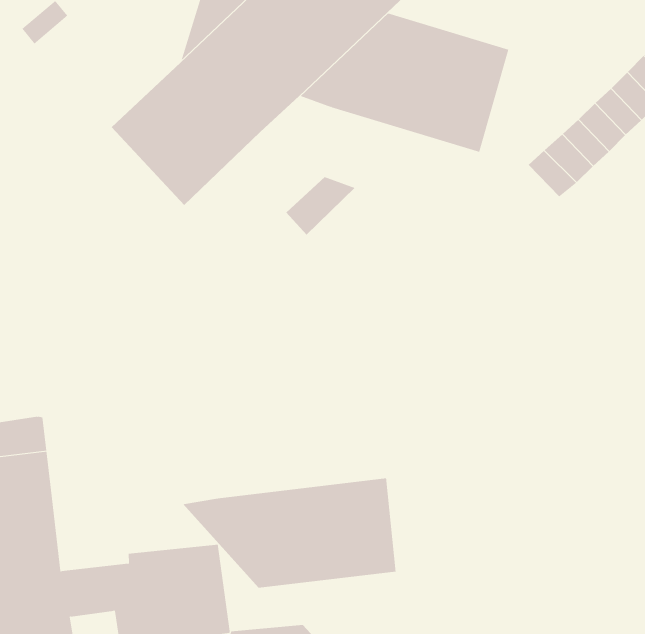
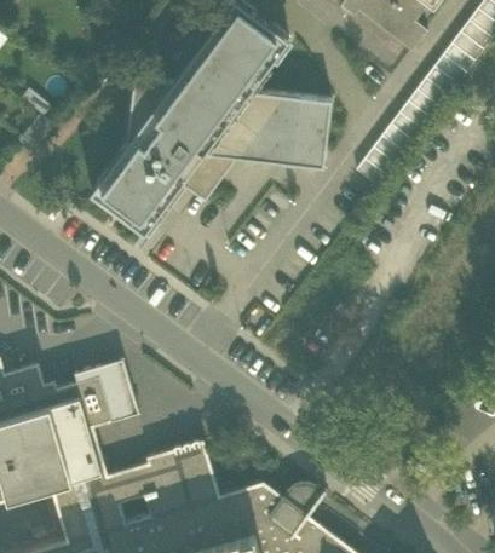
building: [285,177,355,235] -> [184,154,225,192]
building: none -> [74,361,138,427]
building: [182,478,396,588] -> none

